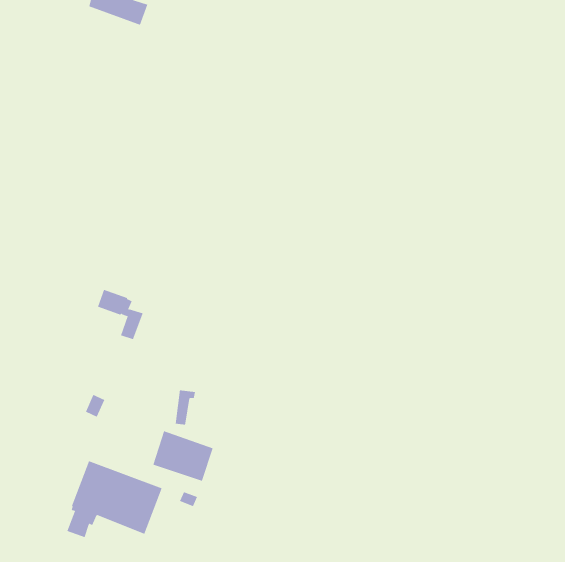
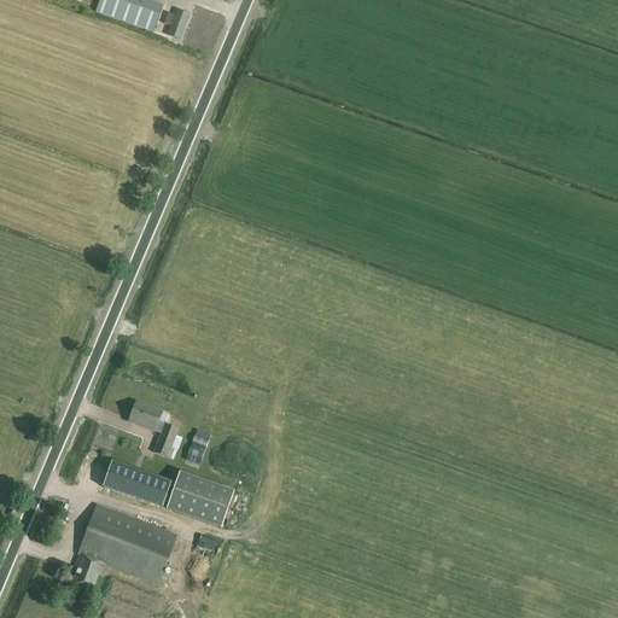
building: [97,289,143,340] -> [128,401,179,456]
building: none -> [104,461,170,506]

